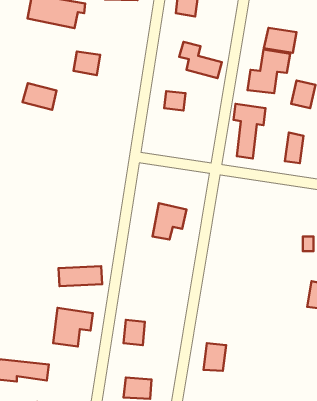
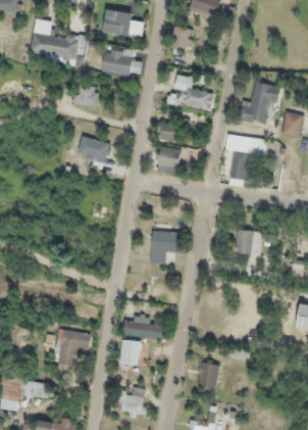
building: none -> [103,48,141,75]
building: [264,28,296,53] -> none
building: [22,83,56,110] -> [78,136,110,161]
building: none -> [157,146,181,173]
building: [285,133,303,163] -> none
building: none -> [235,229,262,254]
building: [58,266,102,286] -> [125,318,167,337]

